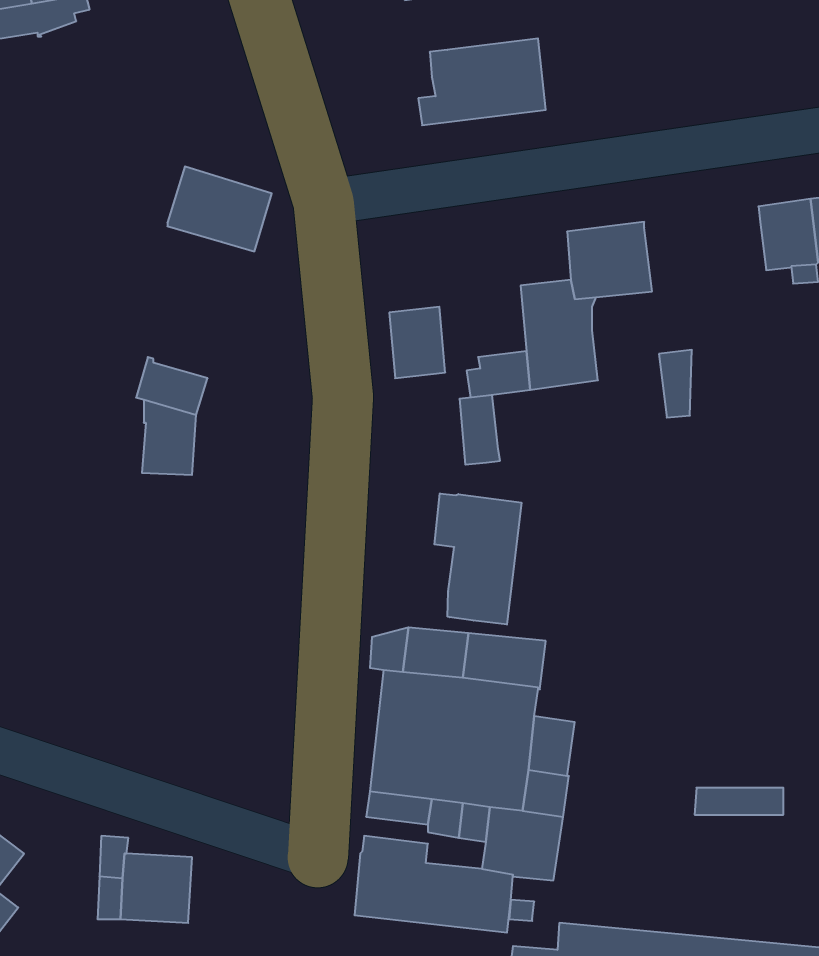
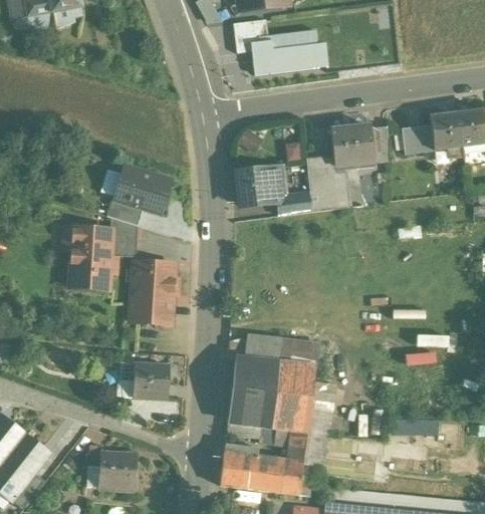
building: none -> [234,20,268,52]
building: [167,166,272,251] -> [115,167,170,211]
building: none -> [402,124,434,154]
building: [659,350,692,418] -> [371,125,388,161]
building: [459,395,500,465] -> [264,167,285,203]
building: none -> [69,227,111,288]
building: none -> [130,262,174,323]
building: [434,493,521,625] -> none
building: none -> [132,363,169,400]

